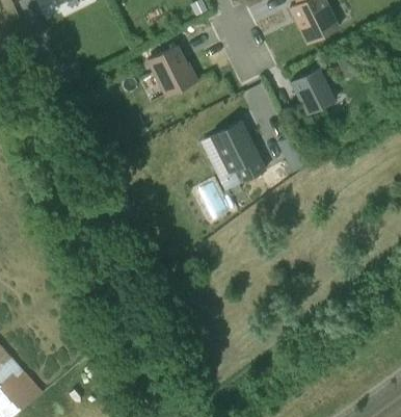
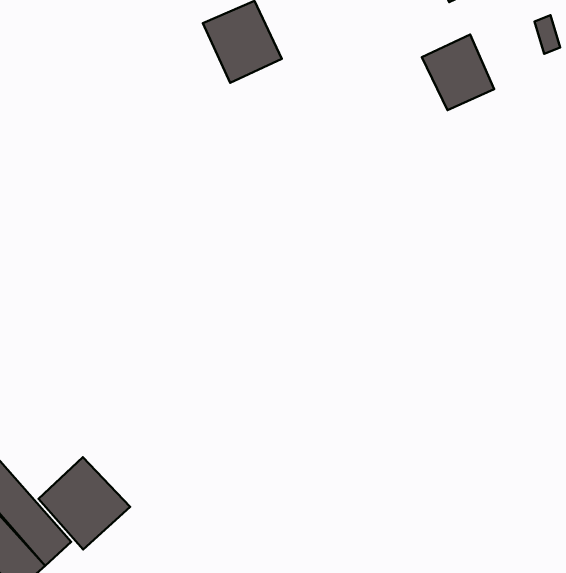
building: [207,119,264,184] -> none
building: none -> [38,457,130,550]

